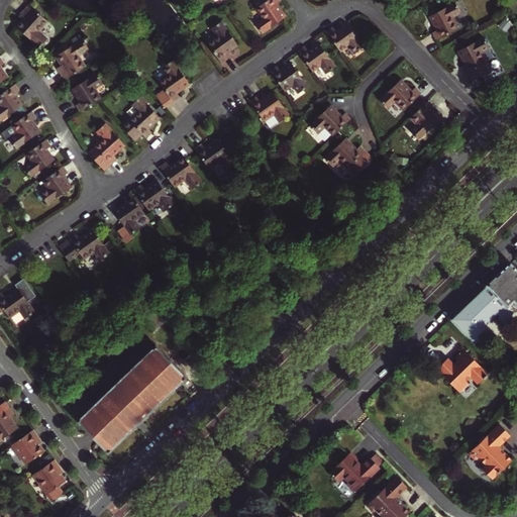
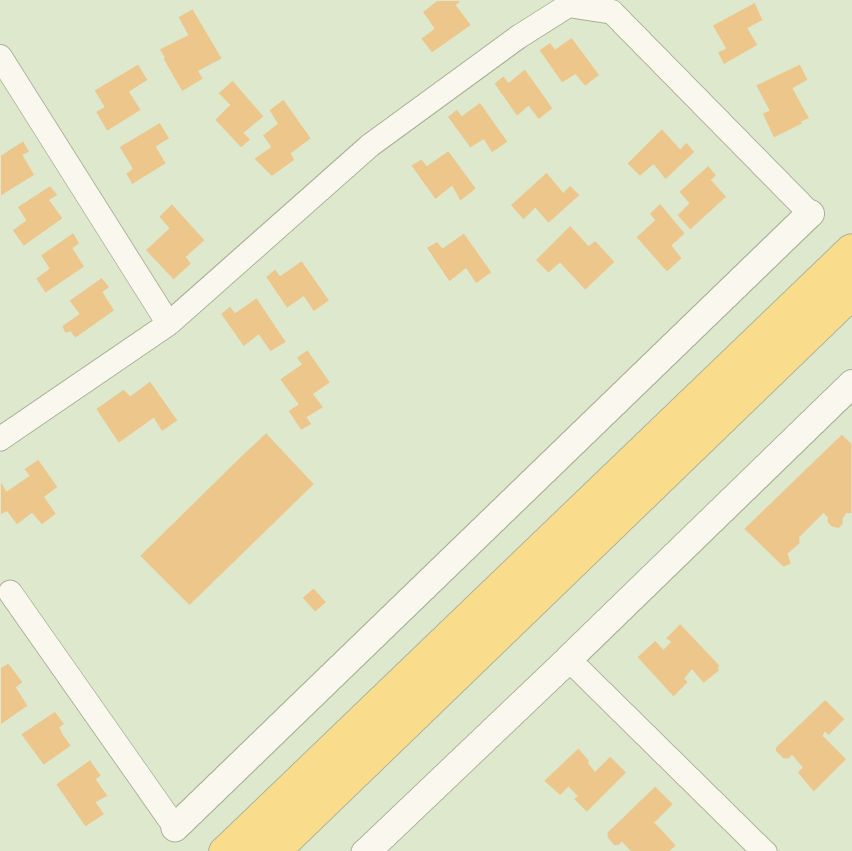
building: [15,5,46,49] -> none
building: none -> [158,8,223,92]
building: [206,21,237,64] -> none
building: [129,97,160,138] -> [214,80,264,148]
building: none -> [636,203,686,272]
building: [195,140,235,172] -> [426,232,493,284]
building: [111,194,142,243] -> [279,349,331,431]
building: [78,347,184,452] -> [139,432,314,606]
building: [438,349,489,394] -> [637,624,720,697]

